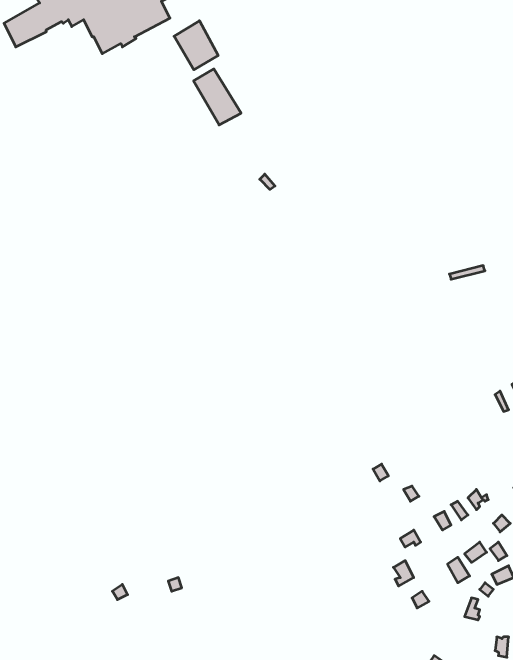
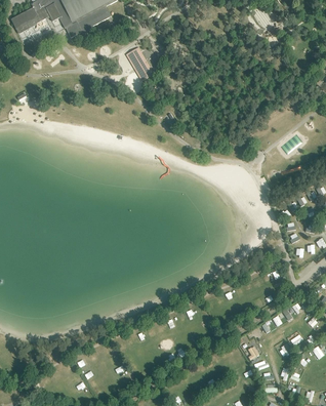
building: [174,21,218,70] -> none

